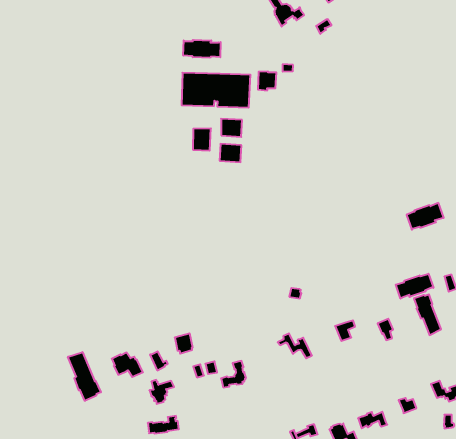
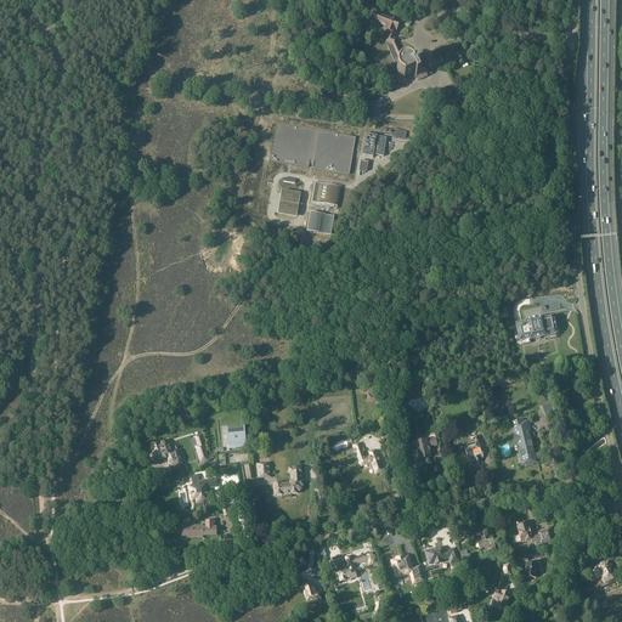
building: [183,40,221,58] -> none
building: [396,274,433,299] -> none
building: [68,352,101,401] -> none

